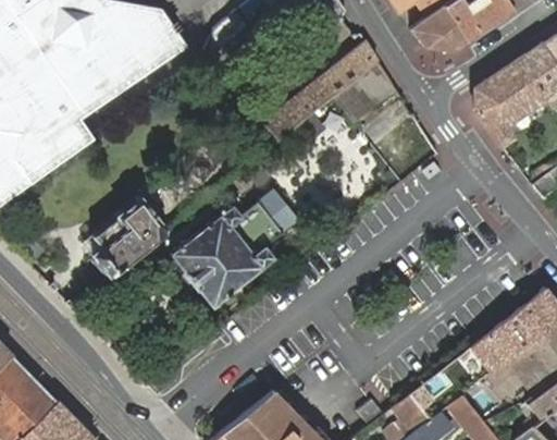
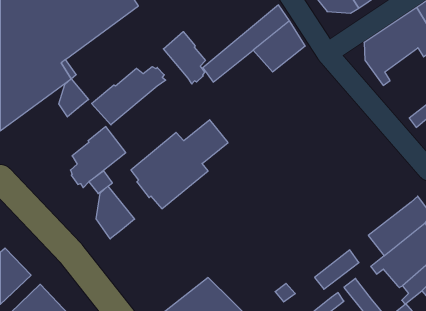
building: none -> [163,32,205,84]
building: none -> [92,67,166,125]
building: none -> [59,79,89,117]
building: none -> [96,186,135,239]

